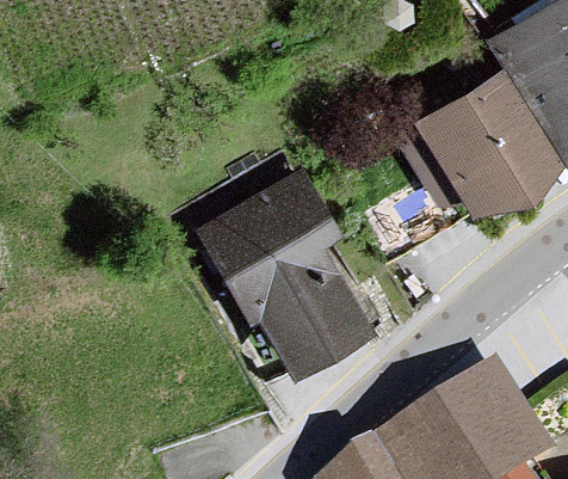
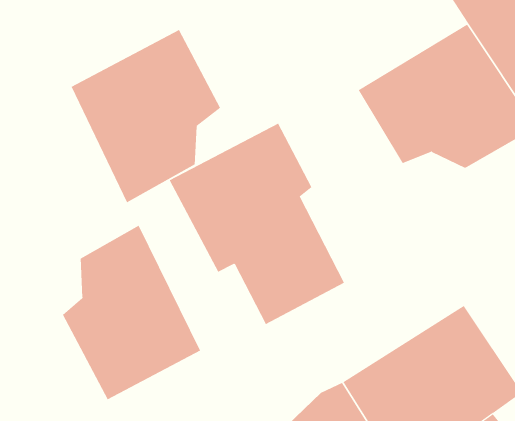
building: none -> [71,29,221,203]
building: none -> [62,225,201,400]

